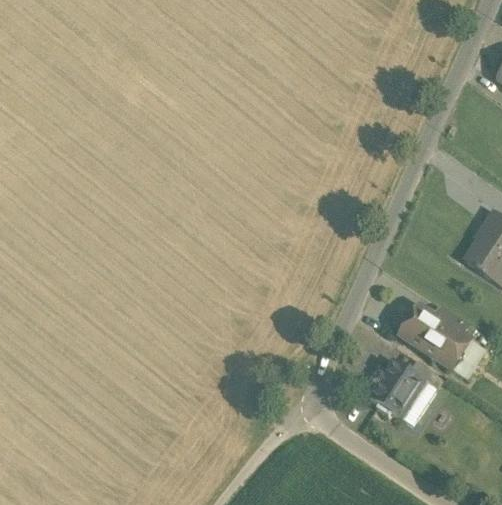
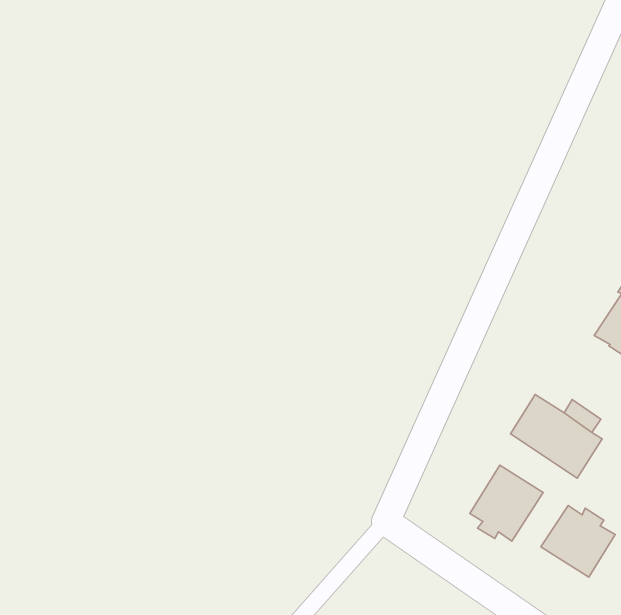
building: none -> [541,505,615,577]

